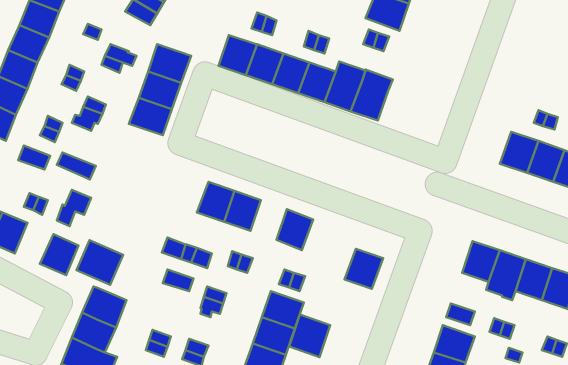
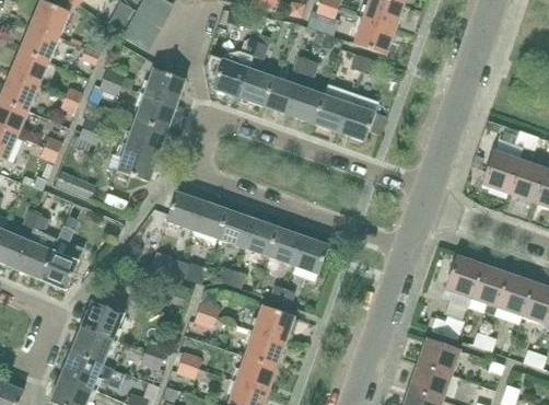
building: none -> [117,143,159,181]
building: none -> [166,190,202,229]
building: none -> [243,217,278,255]
building: none -> [16,239,54,278]
building: [77,240,123,285] -> none
building: [344,249,383,289] -> [292,235,329,274]
building: [289,315,330,357] -> none

